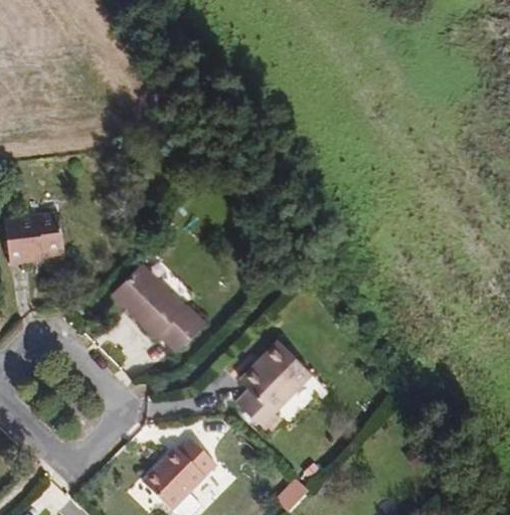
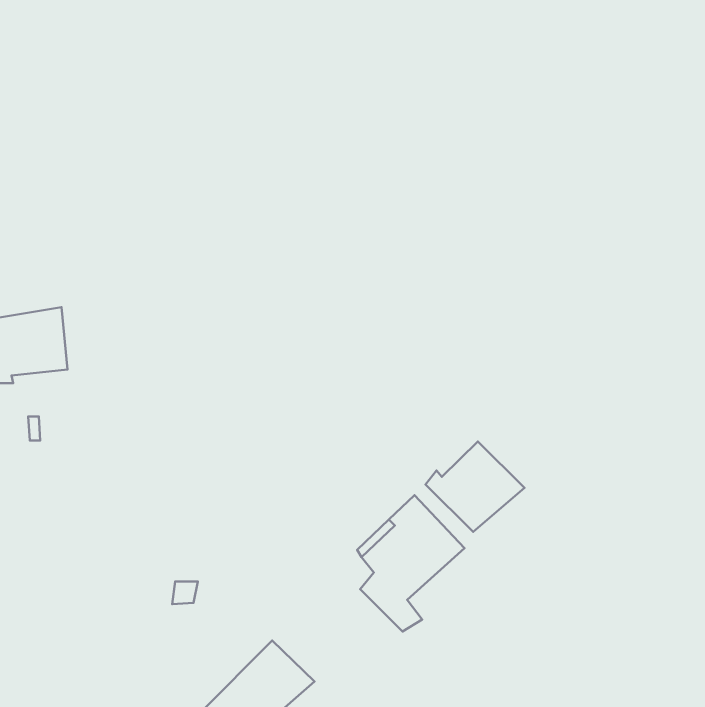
building: [117,267,208,352] -> none
building: none -> [425,441,524,532]

